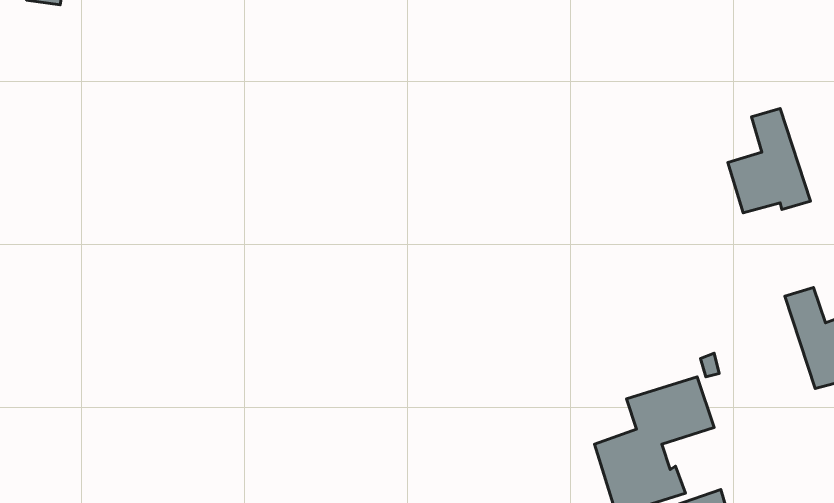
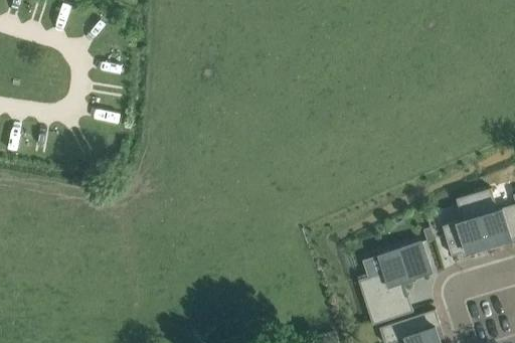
building: [728,109,811,213] -> [441,194,490,256]

